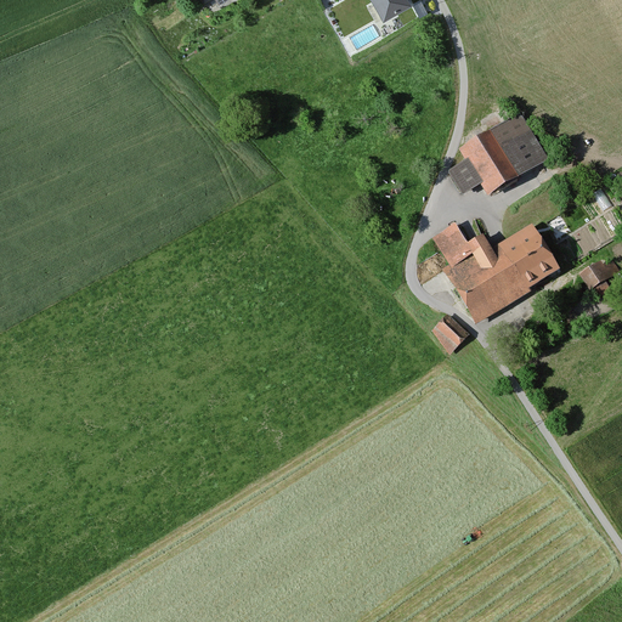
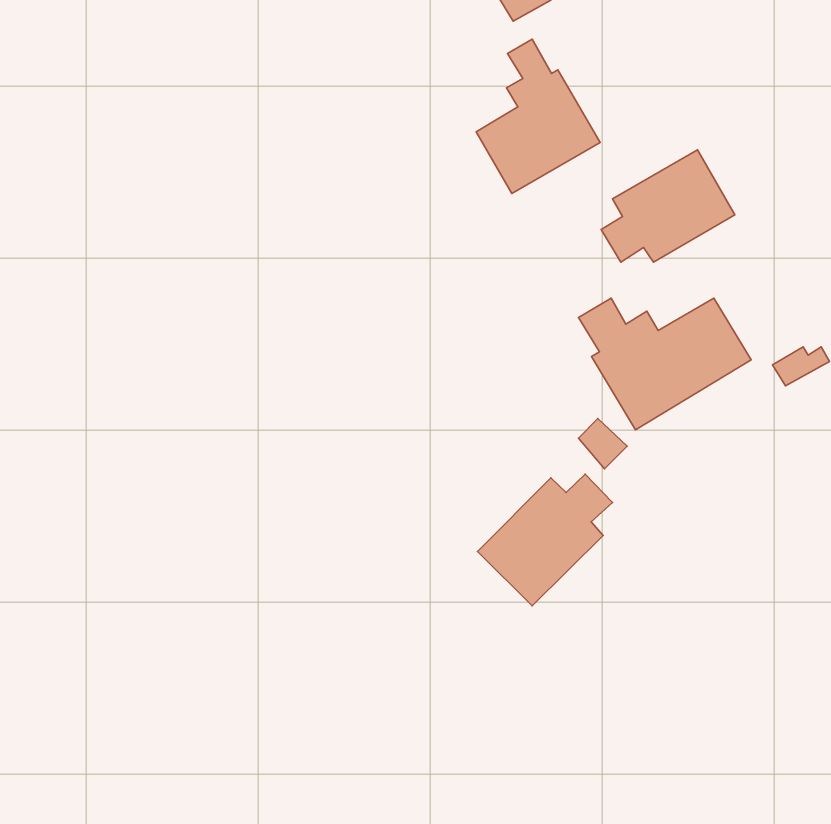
building: none -> [476,39,600,193]
building: none -> [477,474,612,606]

